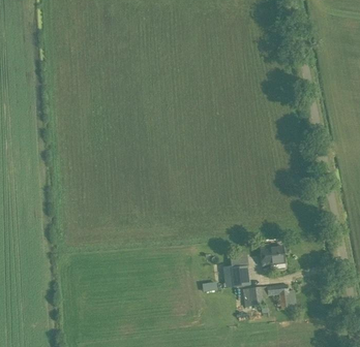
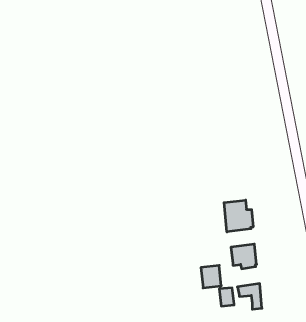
building: none -> [224,200,253,232]

